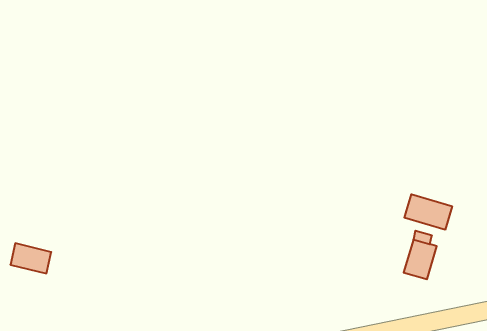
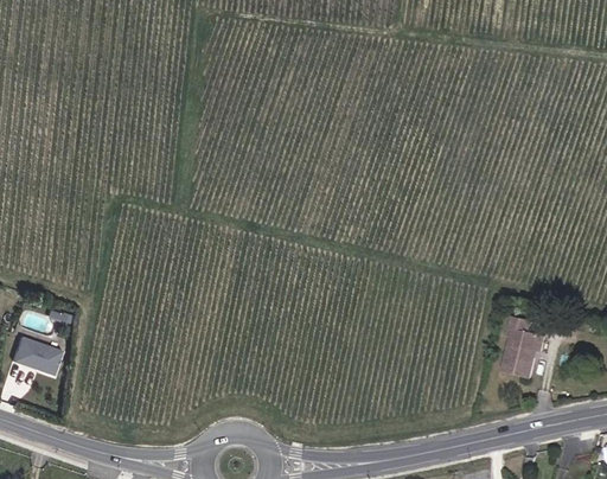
building: [404,194,452,230] -> none

